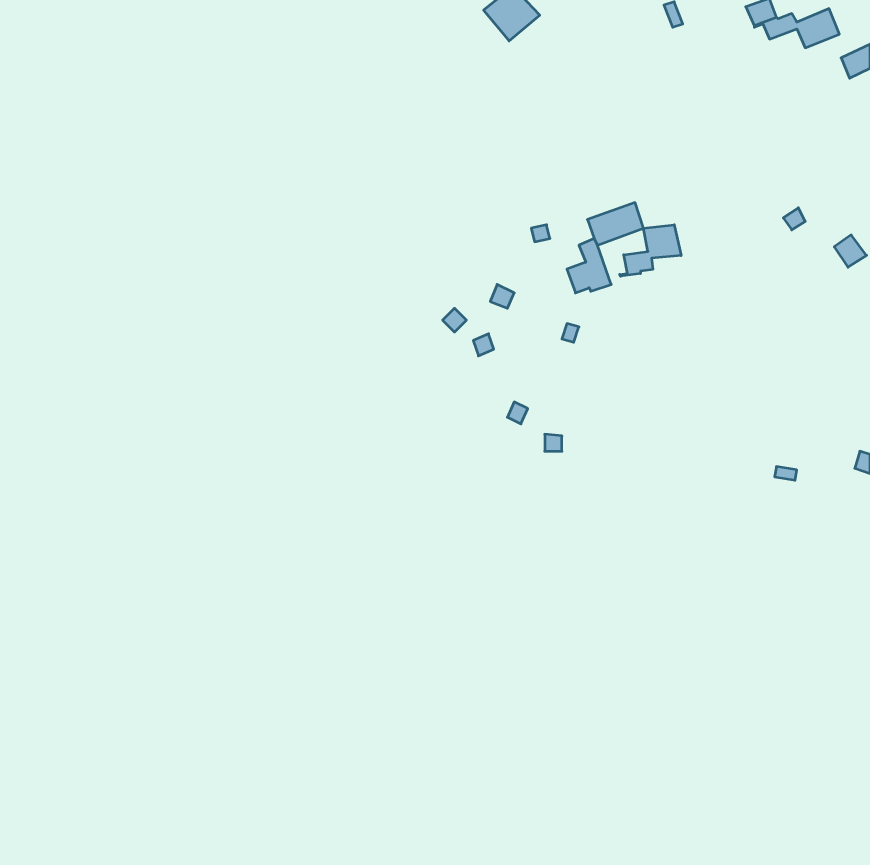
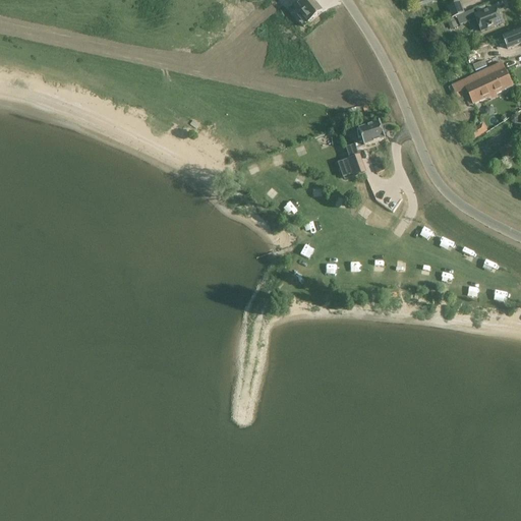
building: none -> [453,61,512,101]
building: [620,225,681,276] -> none

